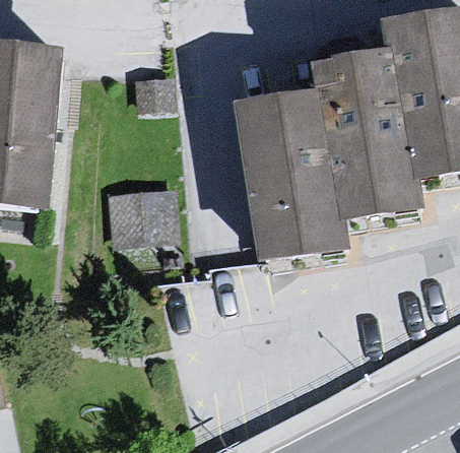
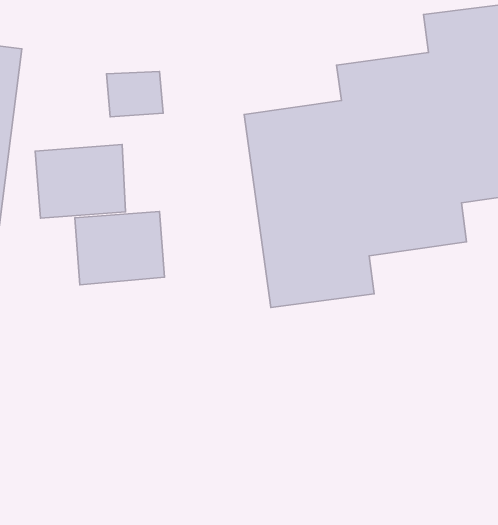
building: none -> [35,145,126,218]

